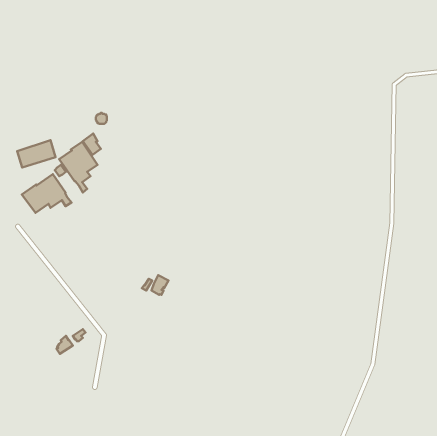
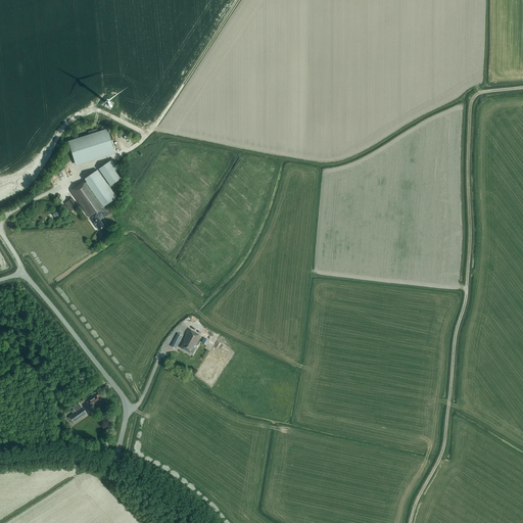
building: [17,140,56,168] -> [68,130,114,162]
building: [22,174,71,213] -> none

